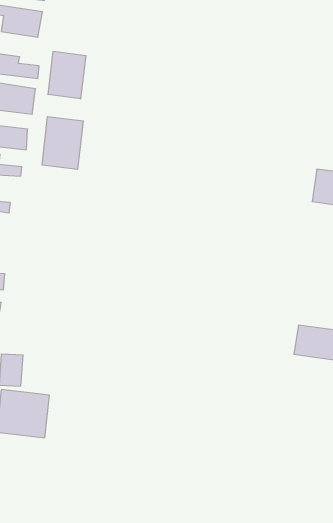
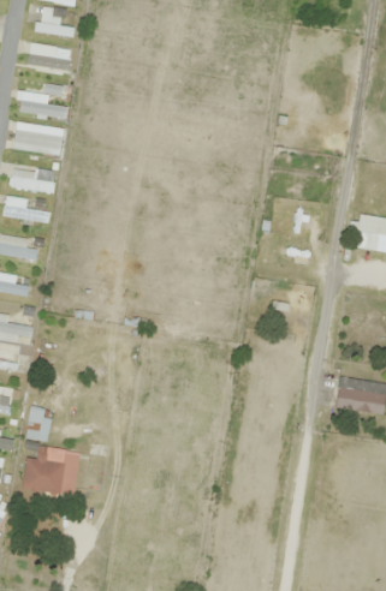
building: [48,51,86,99] -> none
building: [42,117,83,169] -> none

